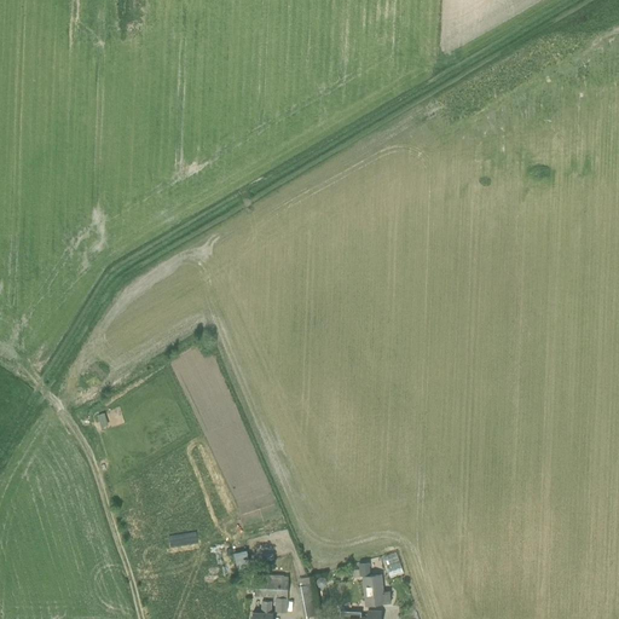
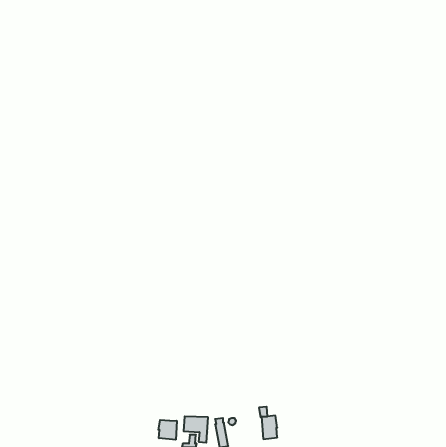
building: none -> [159,420,177,440]

